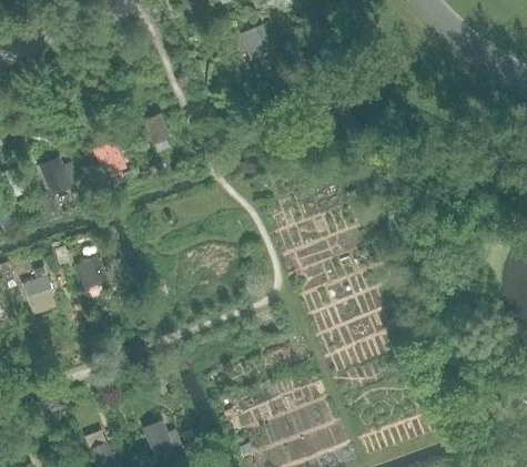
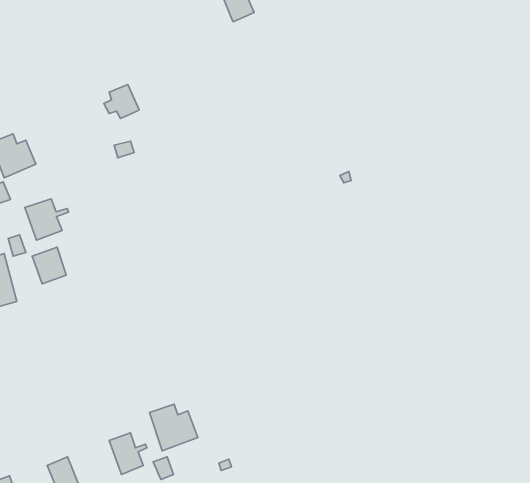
building: [91,140,125,172] -> none
building: none -> [25,199,69,240]
building: none -> [149,404,198,451]

